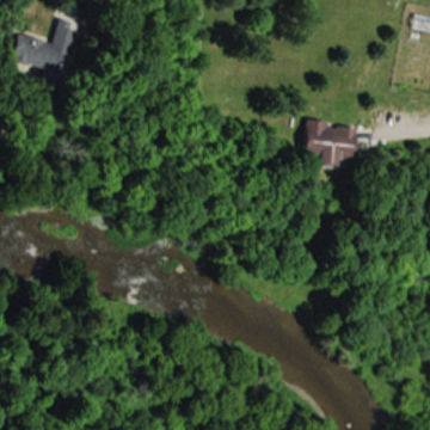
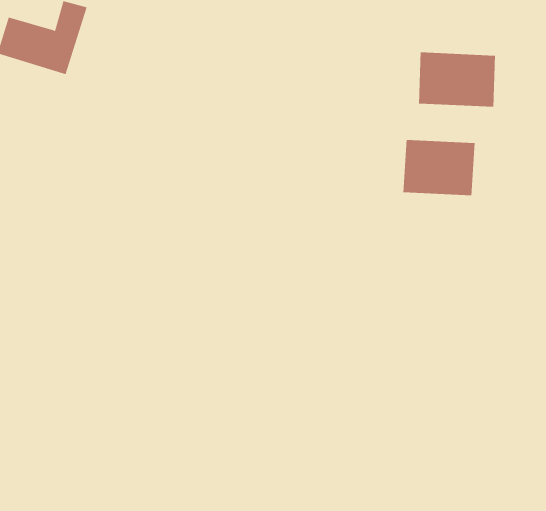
building: none -> [418,52,495,108]

